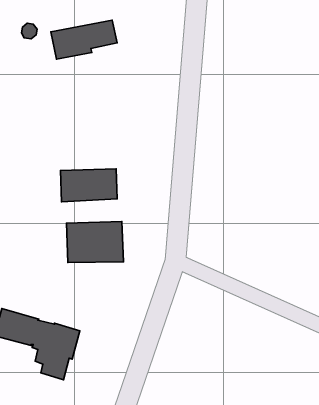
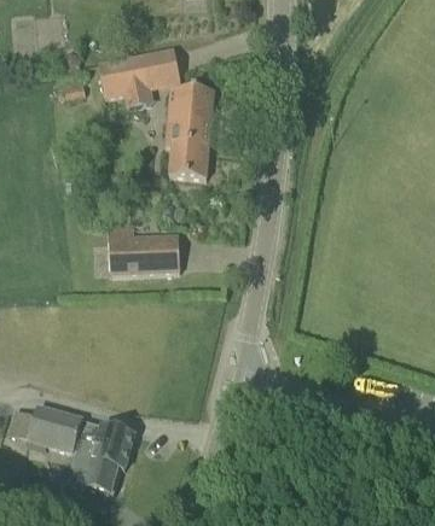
building: none -> [164,86,213,179]
building: [66,221,124,262] -> none

